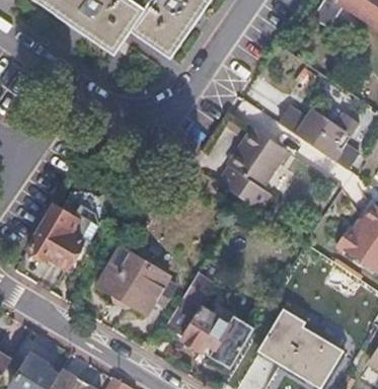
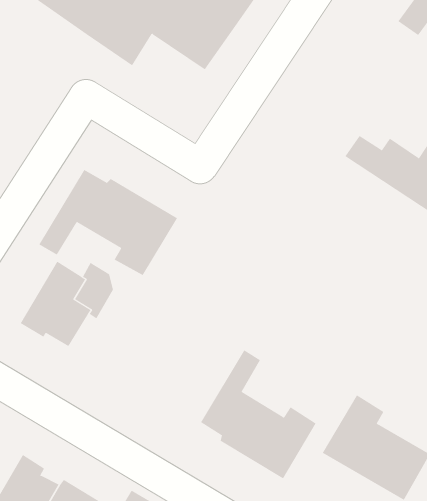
building: none -> [39,169,178,276]
building: [223,133,291,214] -> none
building: [100,248,168,312] -> none

